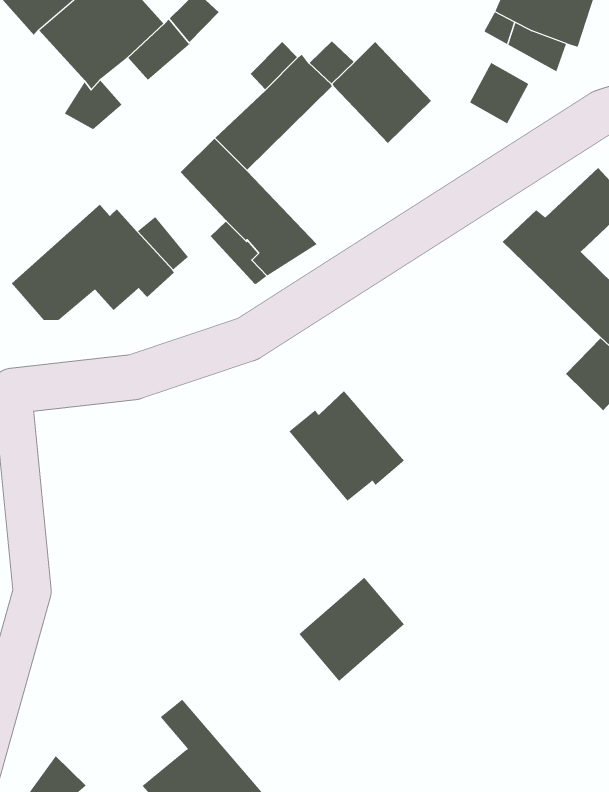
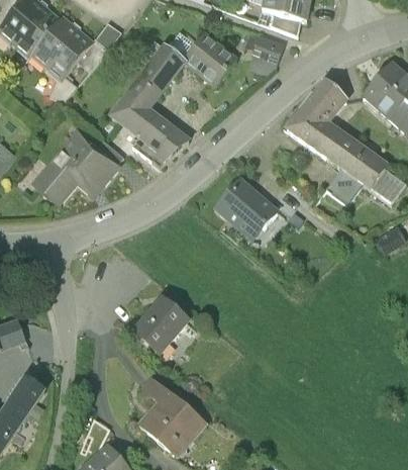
building: [288,390,405,501] -> [215,190,277,247]
building: [299,577,405,682] -> [133,310,187,366]

